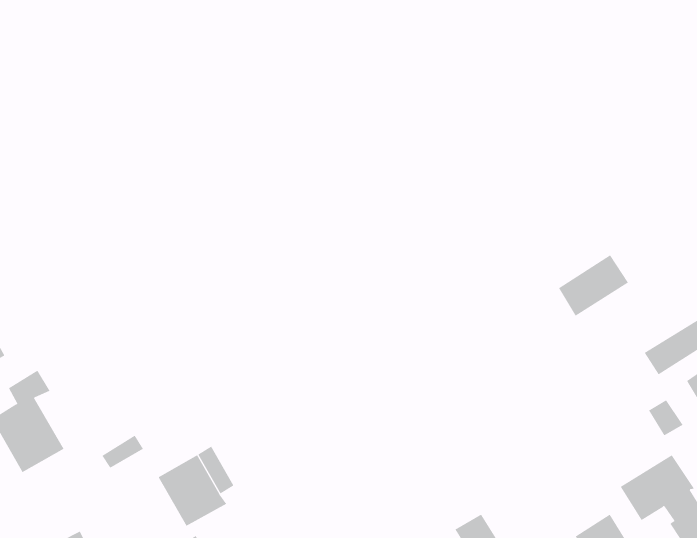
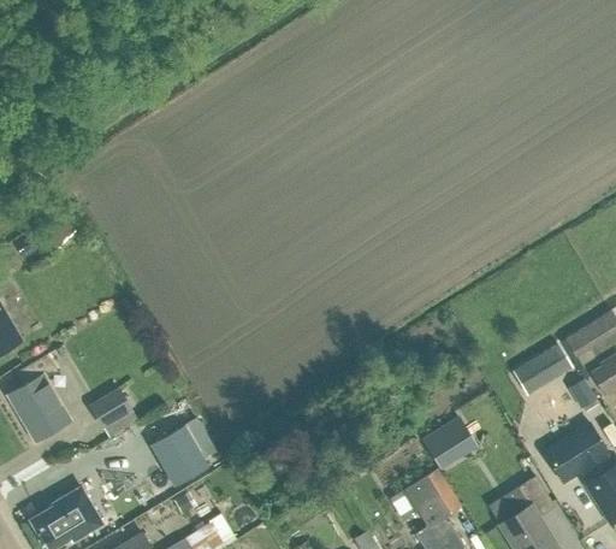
building: [558,254,629,317] -> [513,341,573,394]
building: none -> [90,388,131,426]
building: none -> [422,415,478,470]

